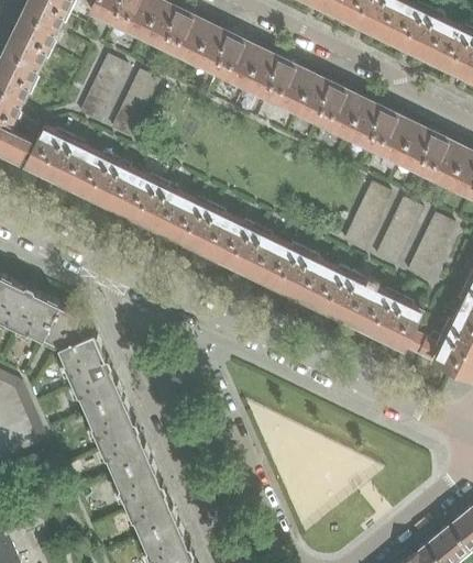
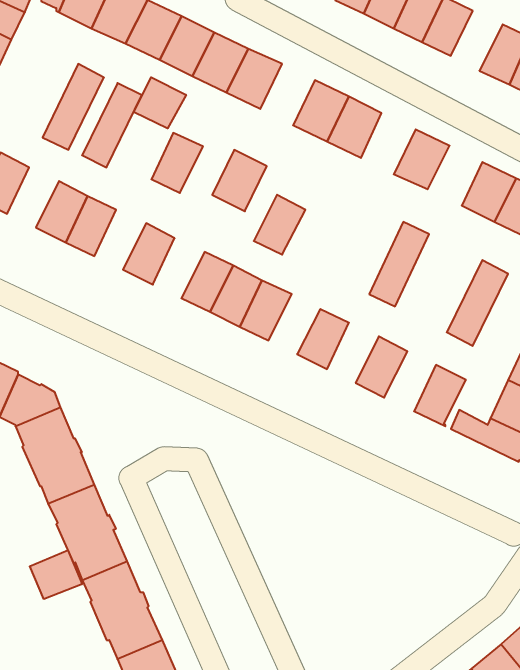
building: [408,13,450,62] -> none
building: [254,56,298,106] -> [212,150,267,211]
building: none -> [134,77,186,128]
building: [336,96,380,145] -> none
building: [389,122,433,170] -> none
building: [50,140,91,188] -> none
building: [120,174,162,222] -> [151,133,203,193]
building: [167,197,209,245] -> none
building: [374,199,421,267] -> none
building: [261,242,303,290] -> [254,195,305,255]
building: [308,265,350,313] -> none
building: [354,288,396,336] -> none
building: none -> [30,550,82,599]

